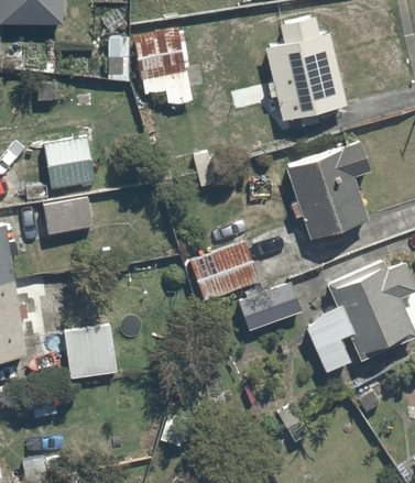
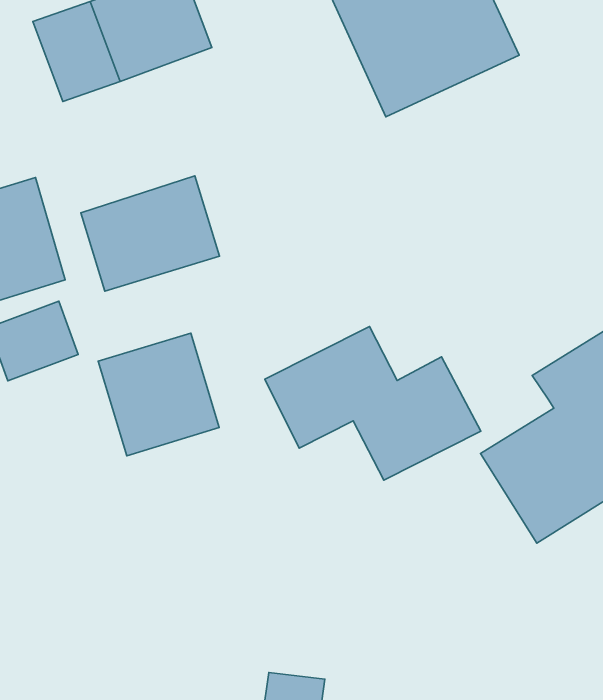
building: [284,136,374,239] -> none
building: none -> [81,176,219,291]
building: [63,321,122,382] -> [98,333,219,456]

